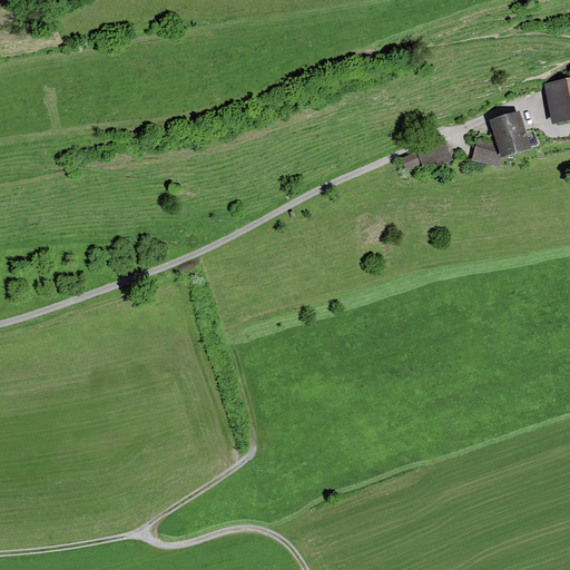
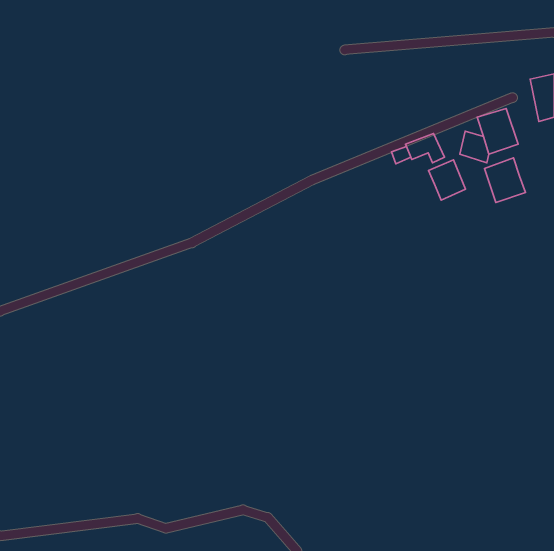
building: none -> [484,158,525,202]
building: none -> [429,160,465,200]

